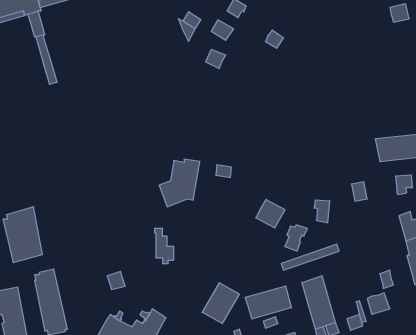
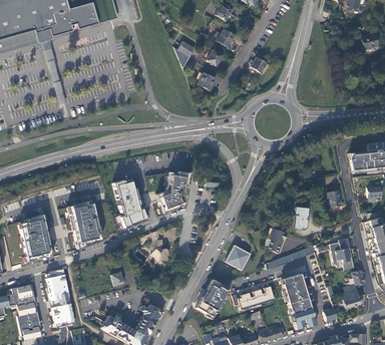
building: none -> [113,179,148,228]
building: none -> [67,200,102,249]
building: [256,200,285,228] -> [225,244,251,269]
building: none -> [331,237,355,269]

